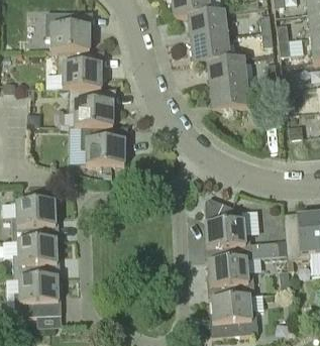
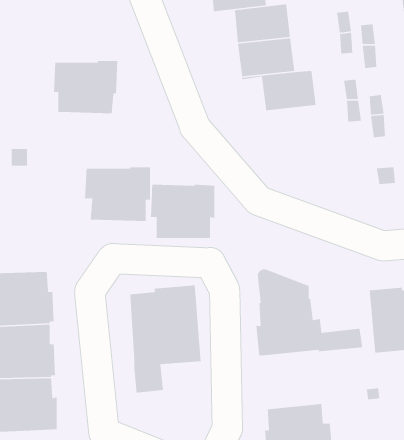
building: [46,12,93,51] -> none
building: [210,83,249,111] -> none
building: [70,88,116,127] -> [150,184,215,239]
building: none -> [129,285,202,393]
building: [206,257,255,300] -> none

